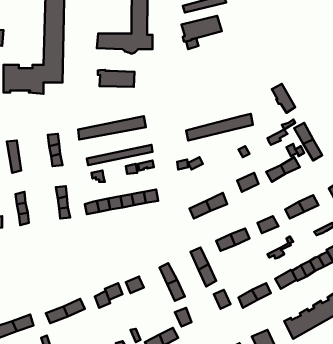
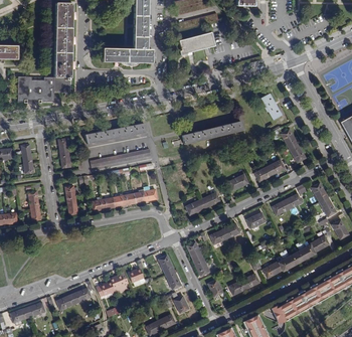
building: [98,70,135,87] -> none

